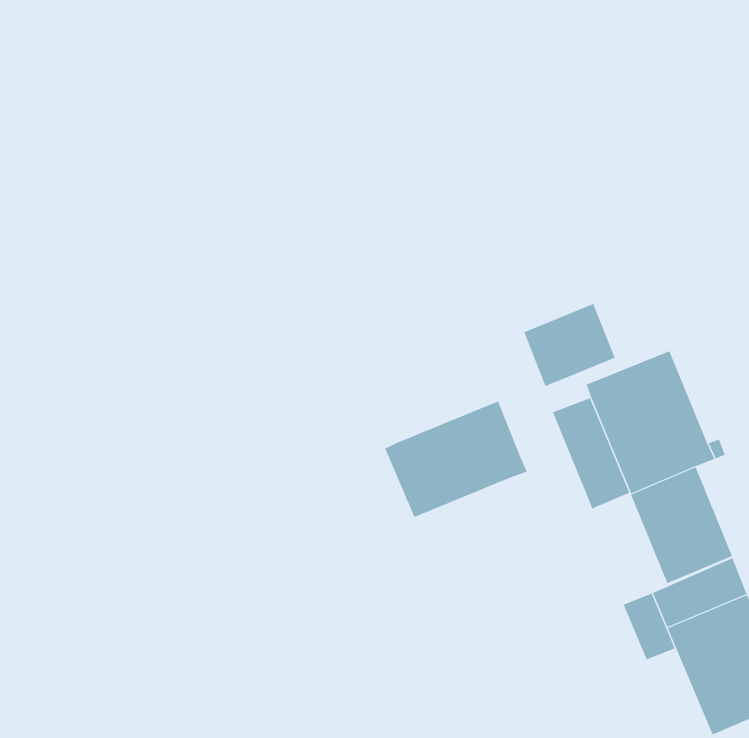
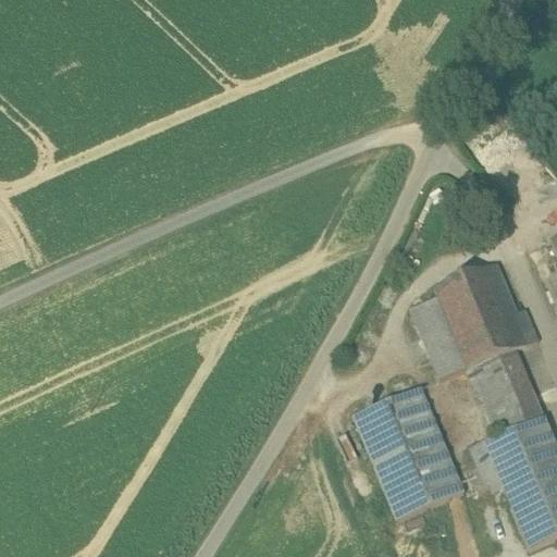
building: [523,303,615,387] -> none
building: [385,400,528,518] -> none
building: none -> [354,385,465,518]

